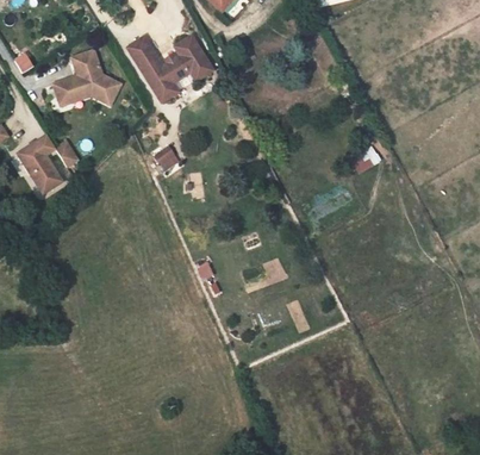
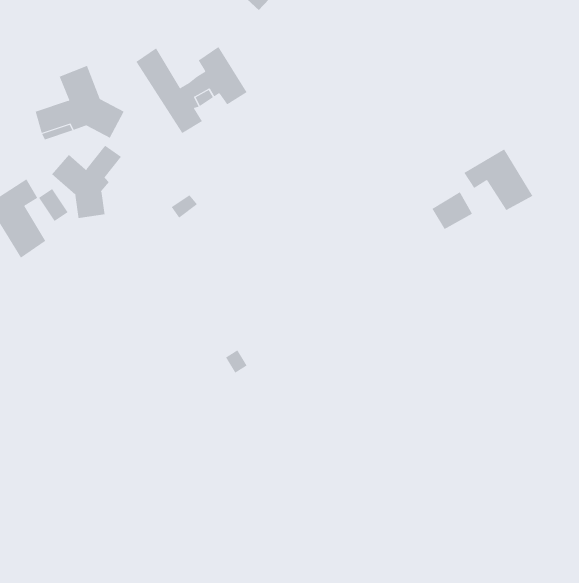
building: none -> [51,145,122,219]
building: none -> [464,149,533,211]

